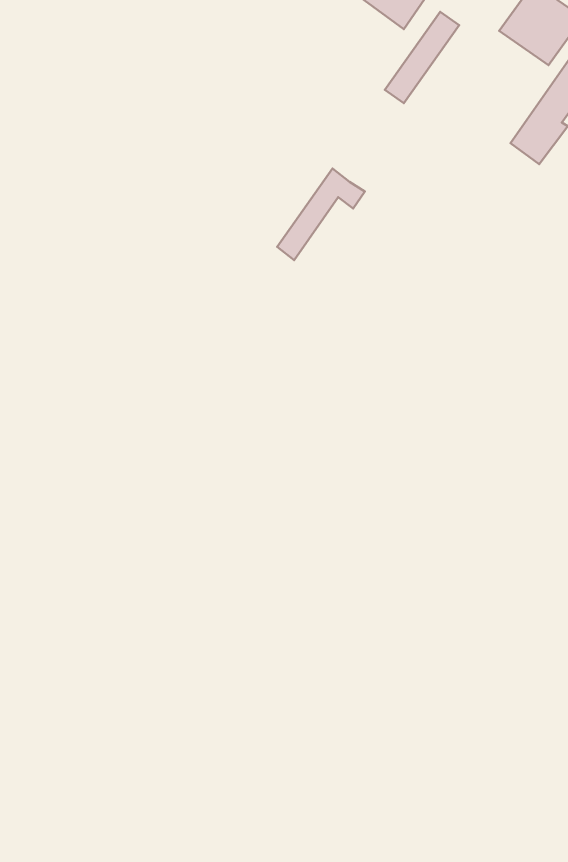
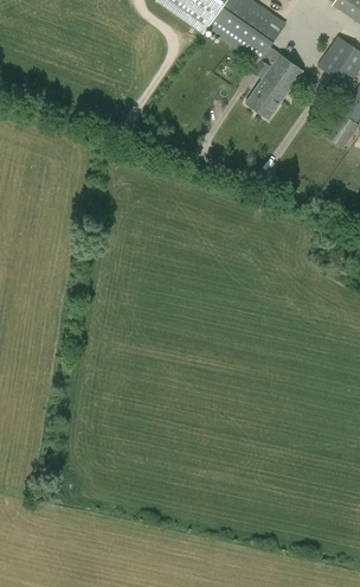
building: [277,169,365,260] -> [256,62,310,119]

